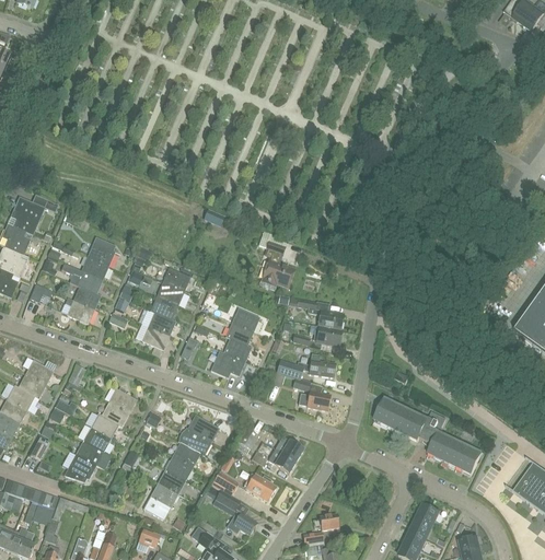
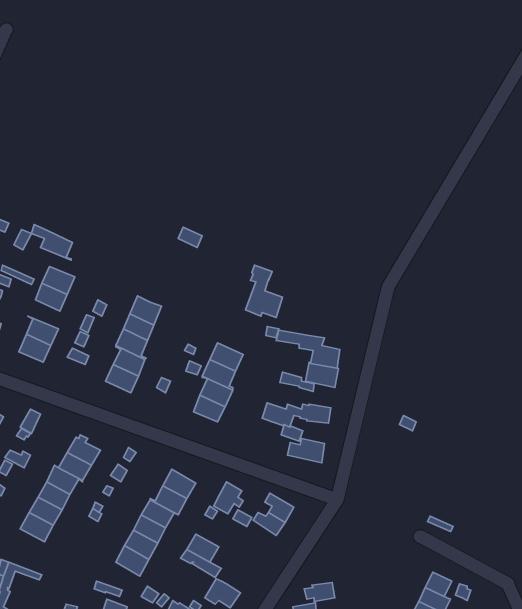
building: [67,265,102,295] -> [32,225,72,260]
building: [373,399,480,474] -> none
building: [243,471,276,500] -> none

